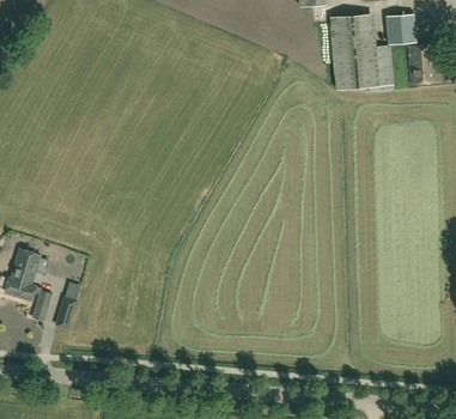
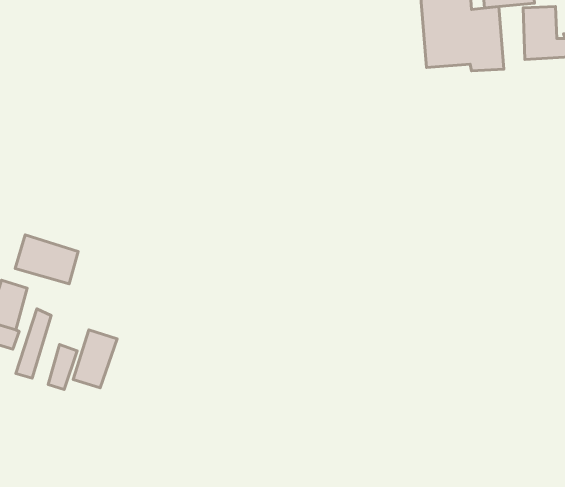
building: none -> [15,235,78,284]
building: none -> [73,330,117,388]

